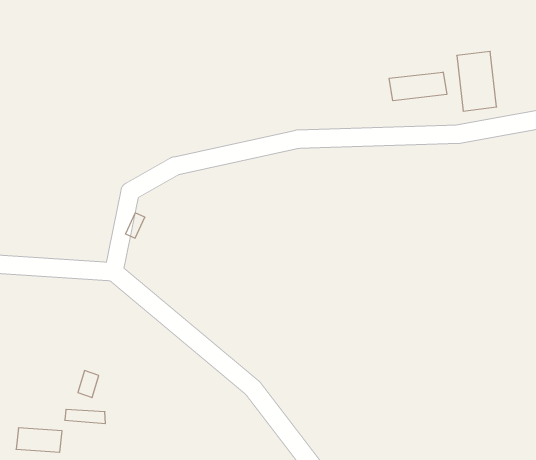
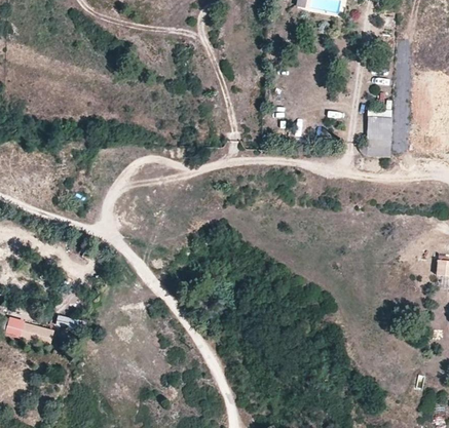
building: [389,72,447,101] -> none

